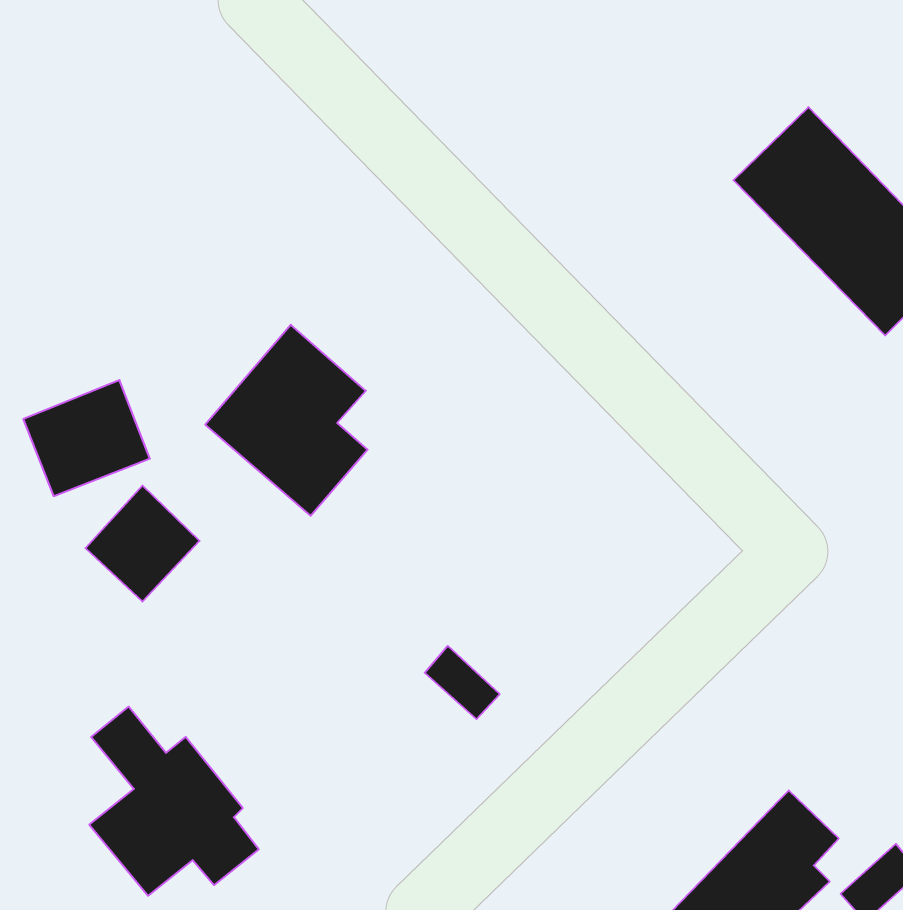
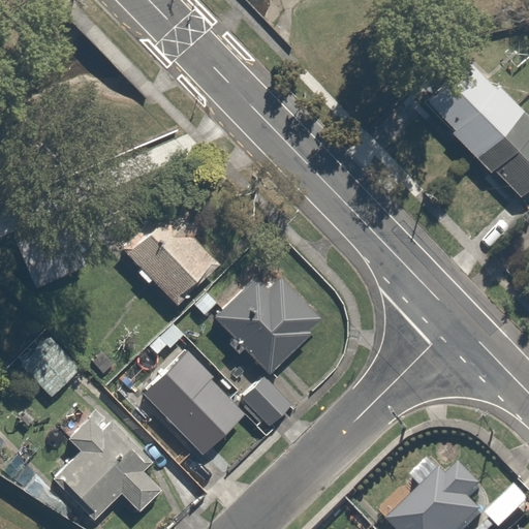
building: none -> [210,277,319,374]
building: [85,486,200,602] -> [15,333,82,400]
building: none -> [138,347,251,461]

